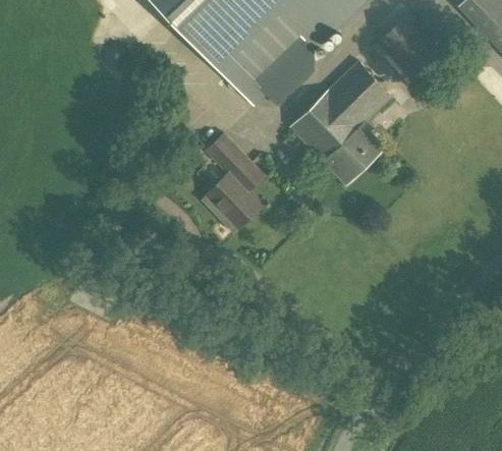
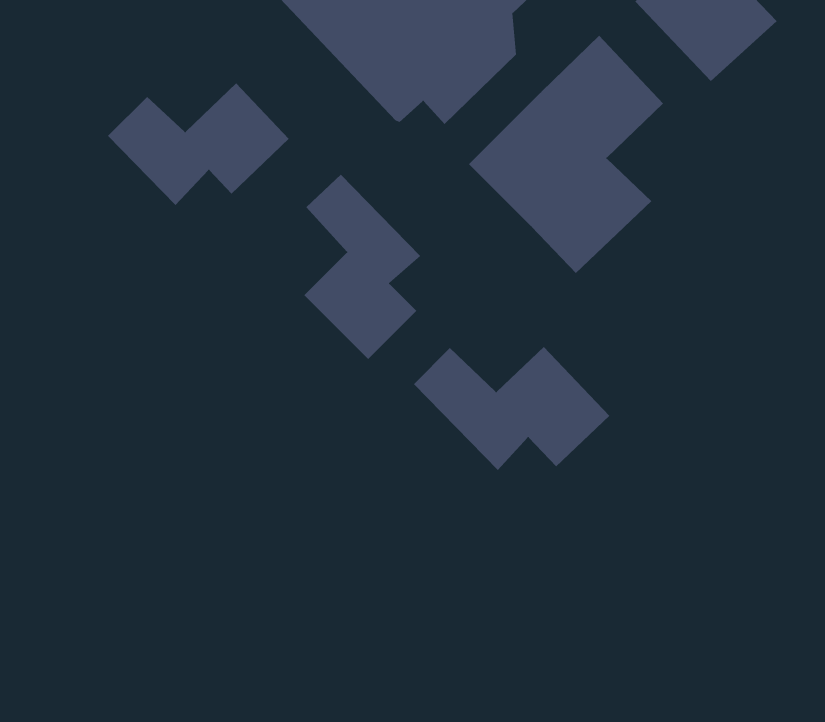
building: none -> [107,82,289,206]
building: none -> [413,346,610,471]

